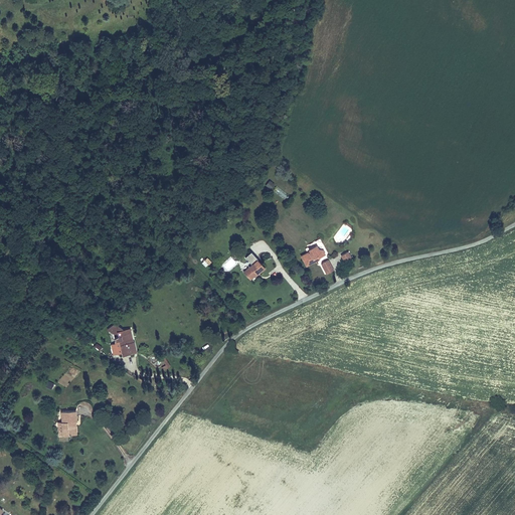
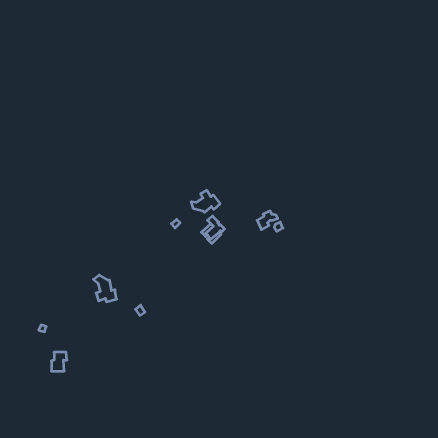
building: none -> [191,190,220,212]

